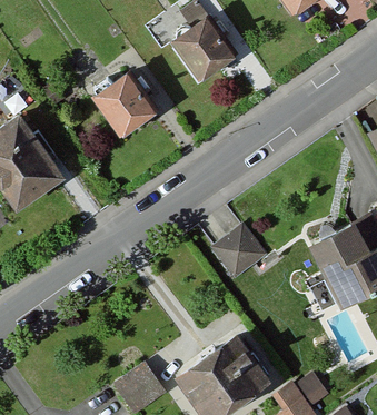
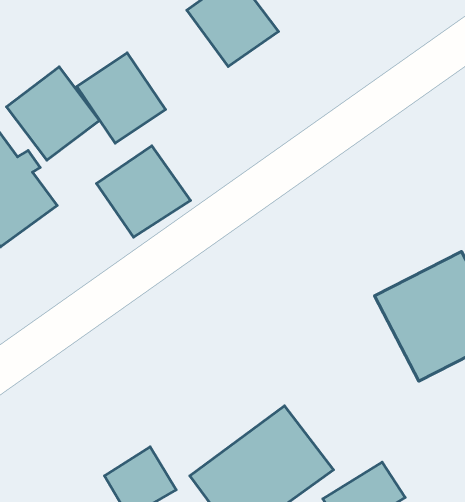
building: none -> [7,67,99,160]
building: none -> [97,146,190,237]
building: [210,228,265,283] -> none

